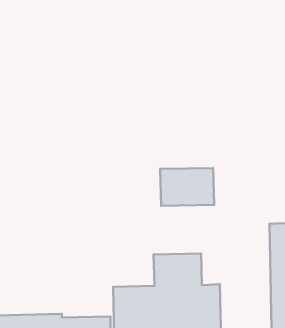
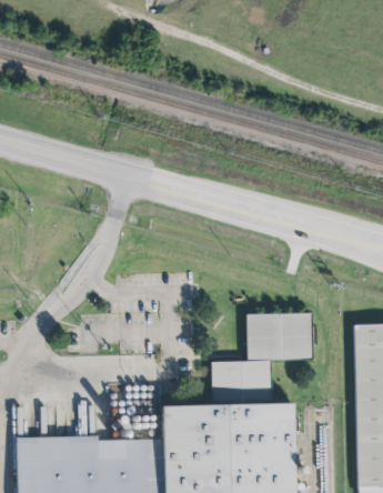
building: [160,168,214,206] -> [245,313,312,360]

